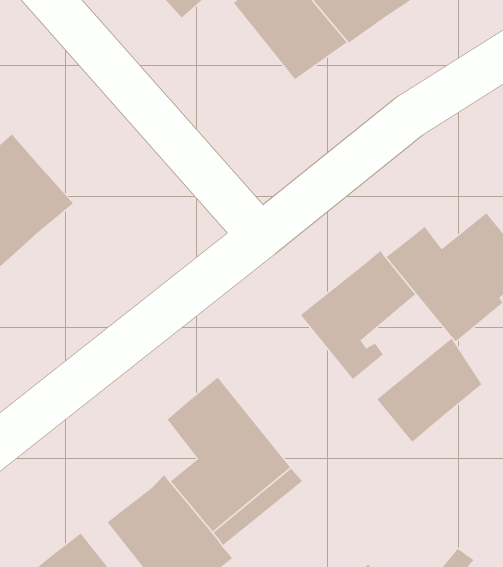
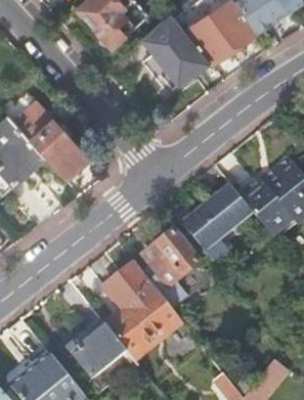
building: none -> [30,118,87,177]
building: none -> [142,229,198,286]
building: [376,338,483,443] -> none

